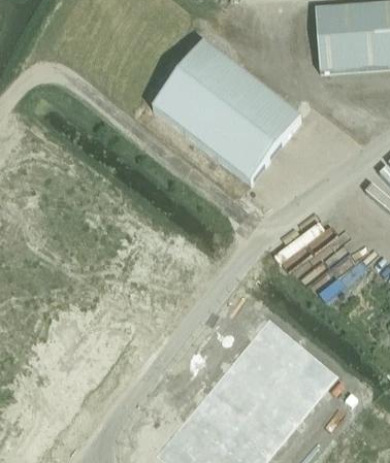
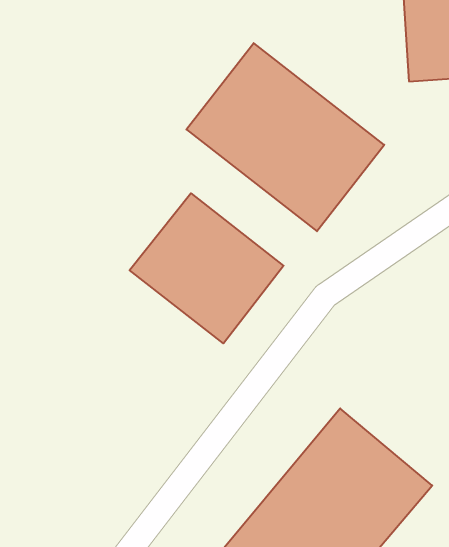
building: none -> [130,193,284,343]

